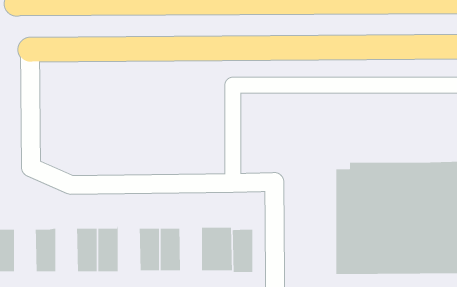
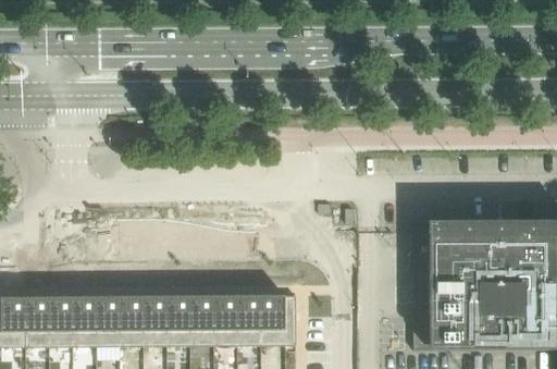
building: none -> [52,293,76,345]
building: none -> [99,293,123,345]
building: none -> [170,293,194,345]
building: [232,227,253,273] -> [239,292,263,344]

